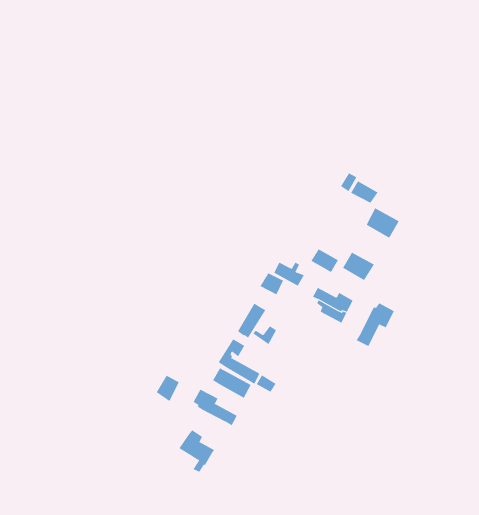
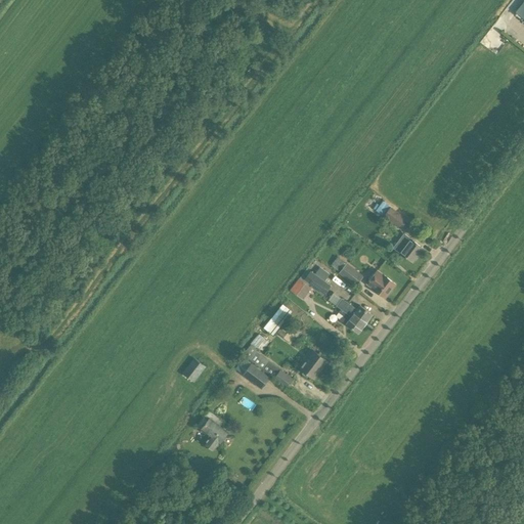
building: [356,303,395,347] -> none
building: none -> [299,350,328,379]
building: [193,389,237,426] -> none

